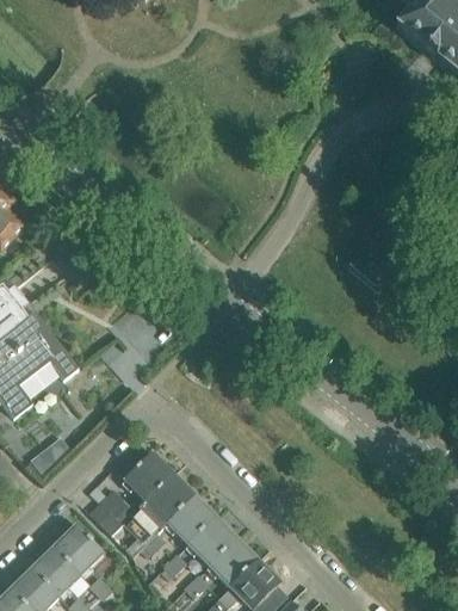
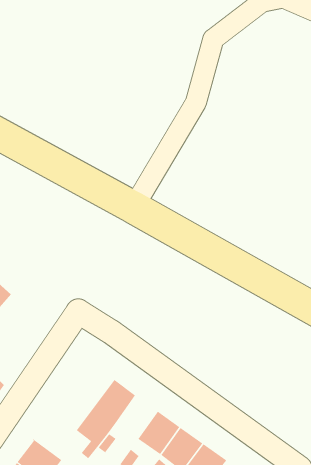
building: [118,451,173,501] -> none
building: [89,488,123,533] -> none
building: [167,496,213,543] -> none

